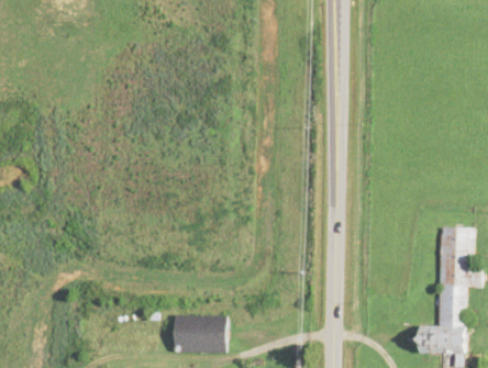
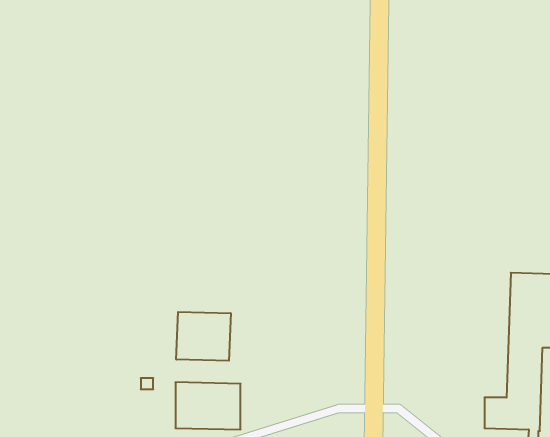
building: none -> [176,312,231,361]

